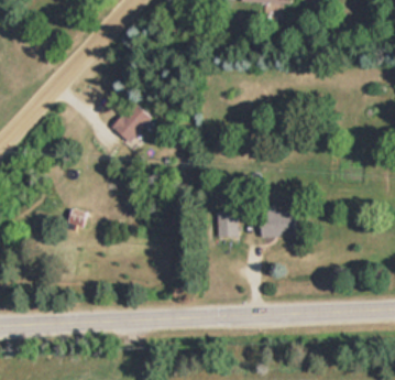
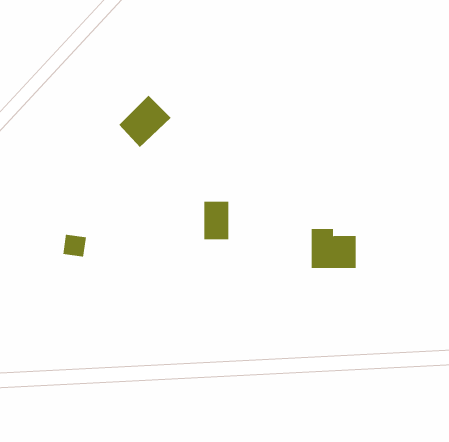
building: [219,207,239,237] -> [203,201,229,240]

